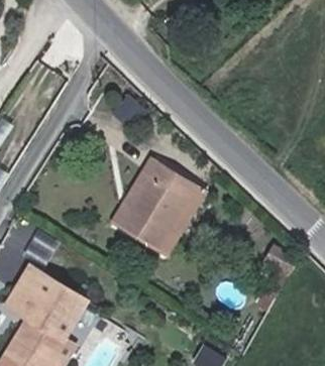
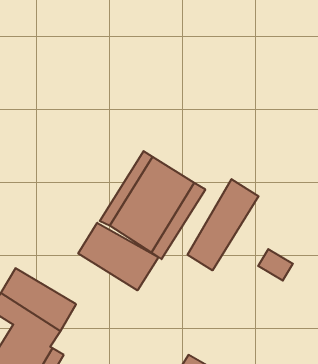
building: none -> [188,179,259,270]
building: none -> [78,223,158,290]

